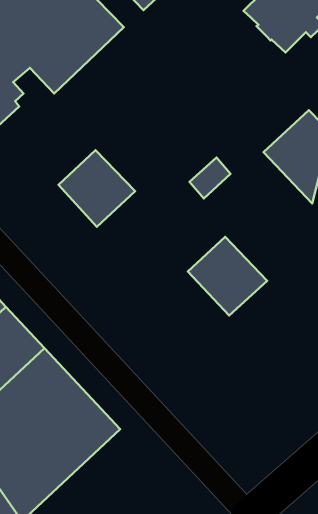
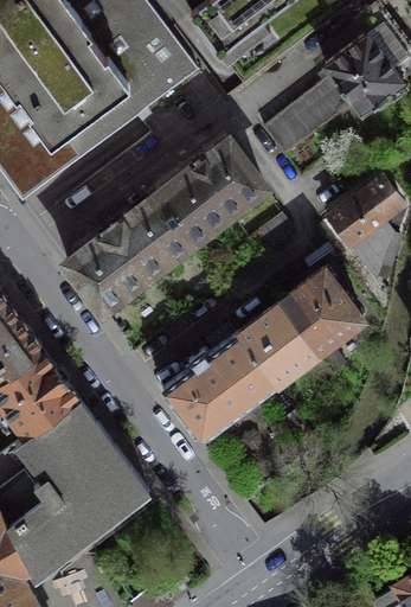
building: none -> [263,76,346,158]
building: none -> [154,141,264,244]
building: none -> [66,229,147,311]
building: none -> [280,269,362,353]
building: none -> [162,334,275,435]

